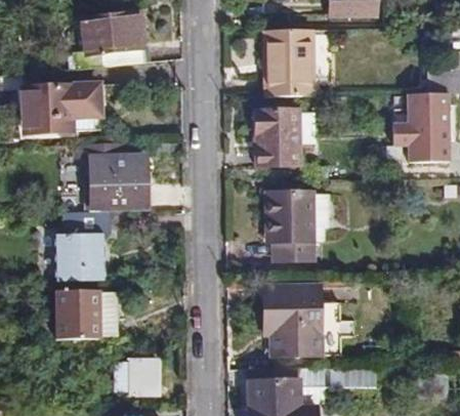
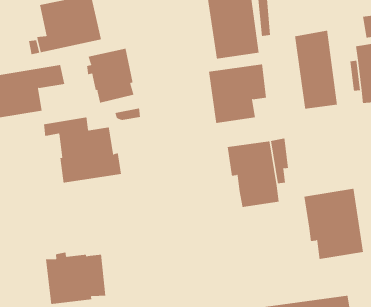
building: none -> [87,48,134,103]
building: none -> [294,30,337,110]
building: [55,212,110,282] -> none
building: [263,286,321,358] -> [304,188,364,260]

